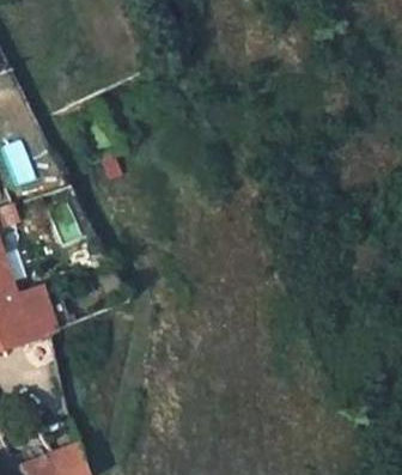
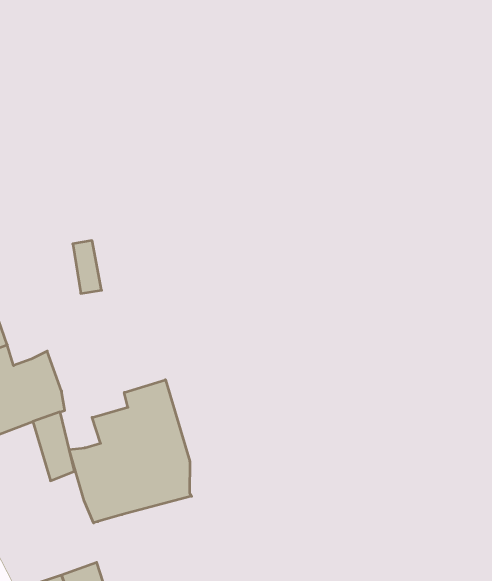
building: none -> [69,380,192,523]

